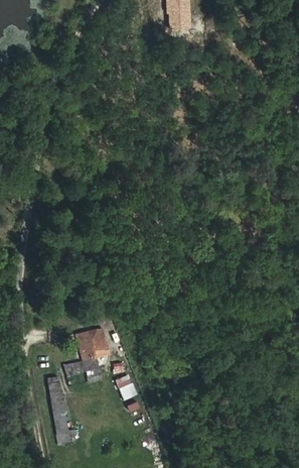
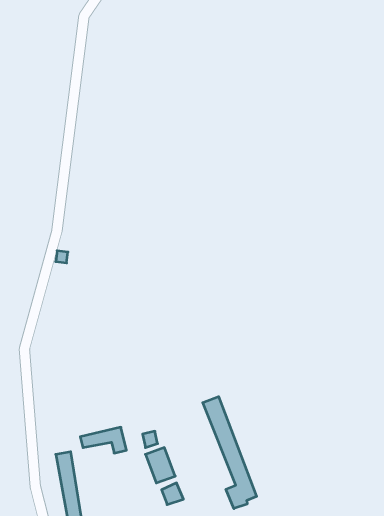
building: [77,328,109,358] -> none
building: none -> [203,397,257,509]

